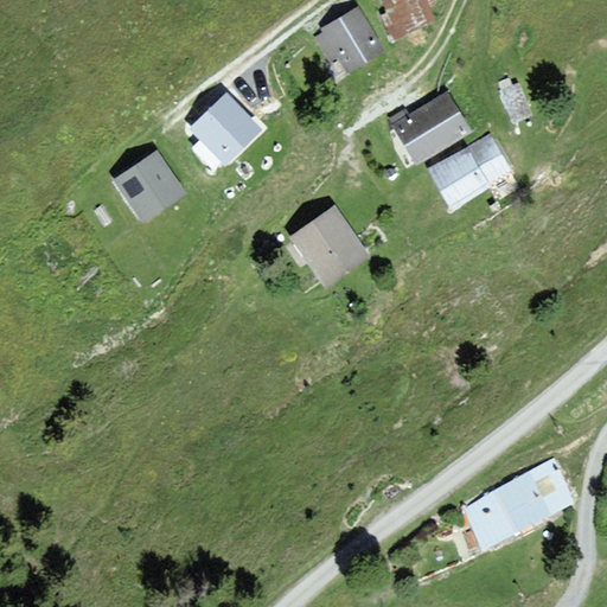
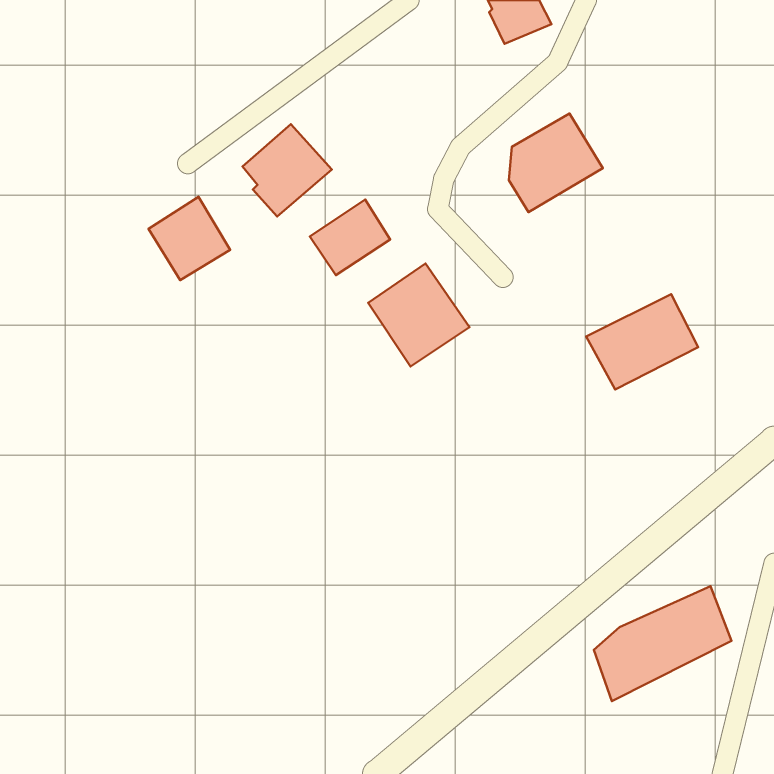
building: [317,6,383,70] -> none
building: [426,130,513,205] -> [586,294,698,390]
building: none -> [310,199,390,275]

